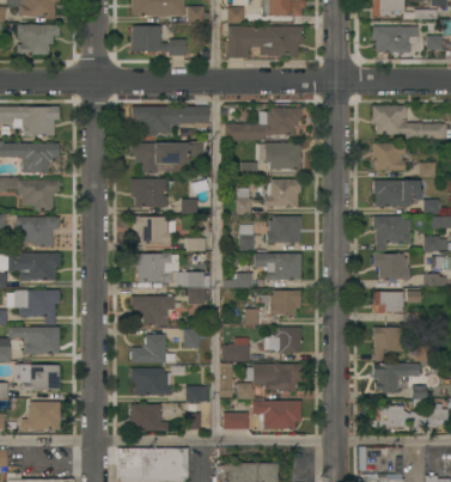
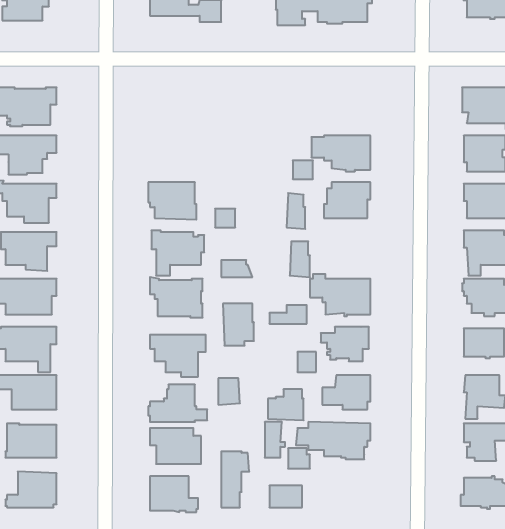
building: [225,103,301,139] -> none
building: [133,105,211,134] -> none
building: [132,140,203,172] -> none
building: [267,215,301,242] -> none
building: [252,399,301,428] -> none

